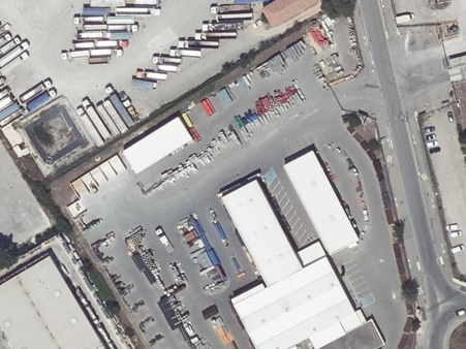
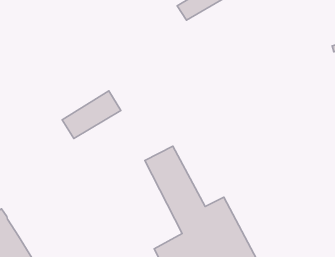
building: [283,151,358,255] -> none

